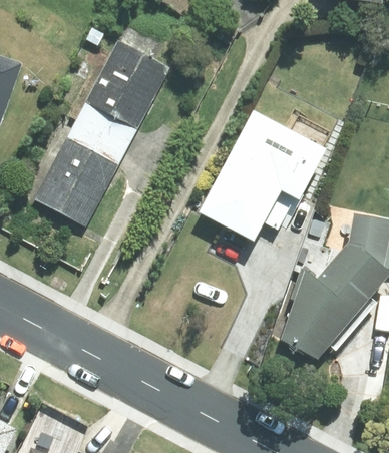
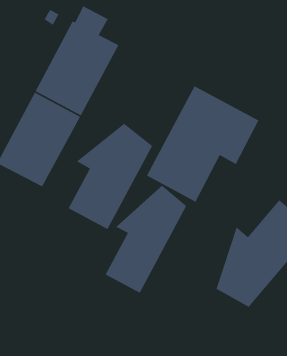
building: none -> [68,123,153,230]
building: none -> [105,185,187,294]

